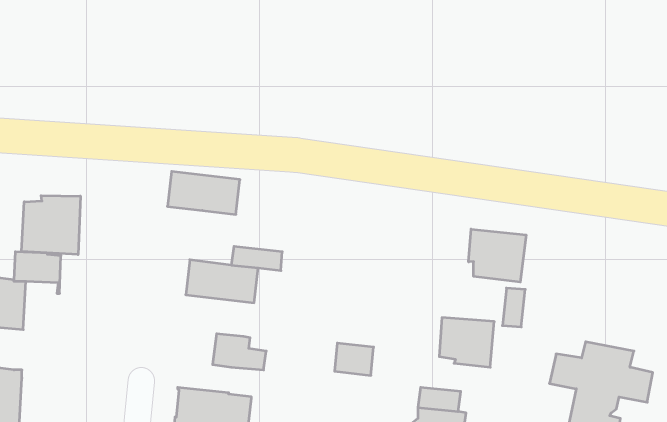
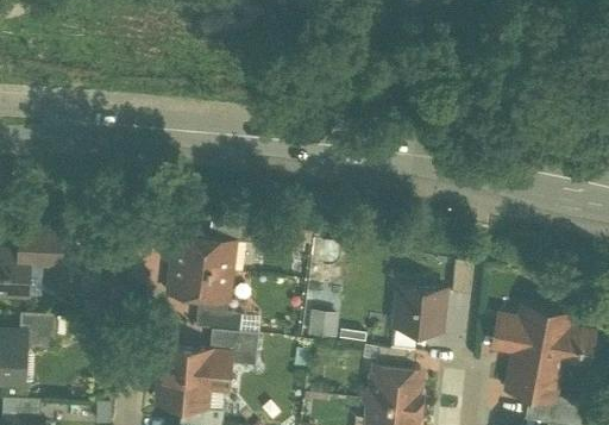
building: [167,171,240,214] -> [168,269,232,307]
building: [21,196,80,255] -> none
building: [469,229,526,282] -> none
building: none -> [19,315,56,345]
building: none -> [209,333,258,363]

